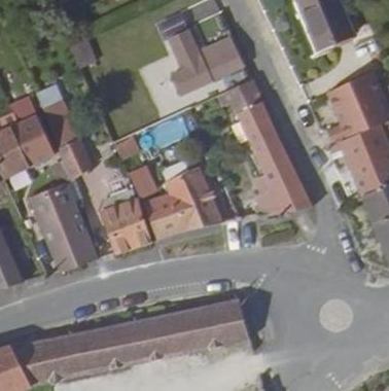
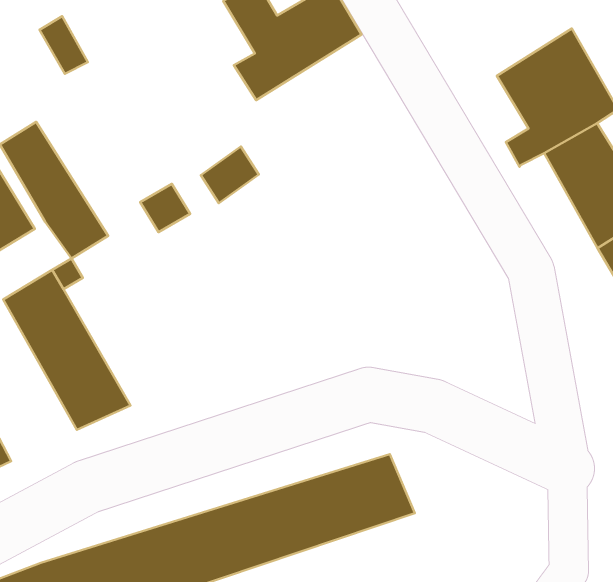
building: [224,82,314,216] -> none
building: [143,166,221,238] -> none
building: [101,197,152,251] -> none

